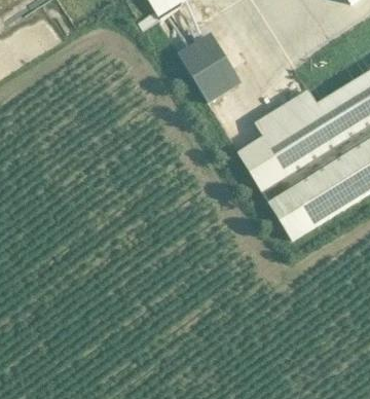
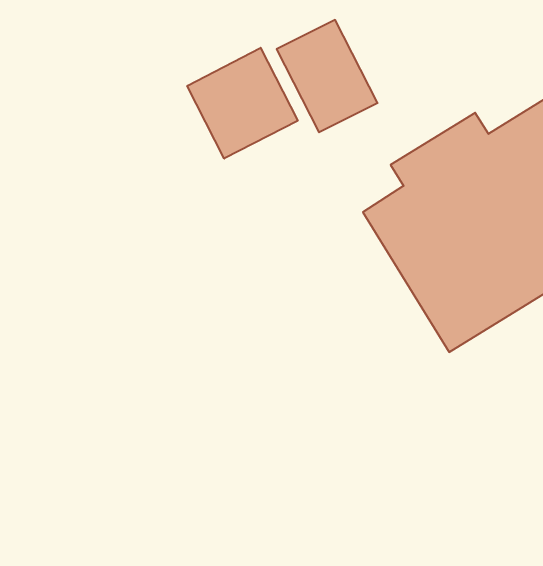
building: none -> [187,48,298,159]

